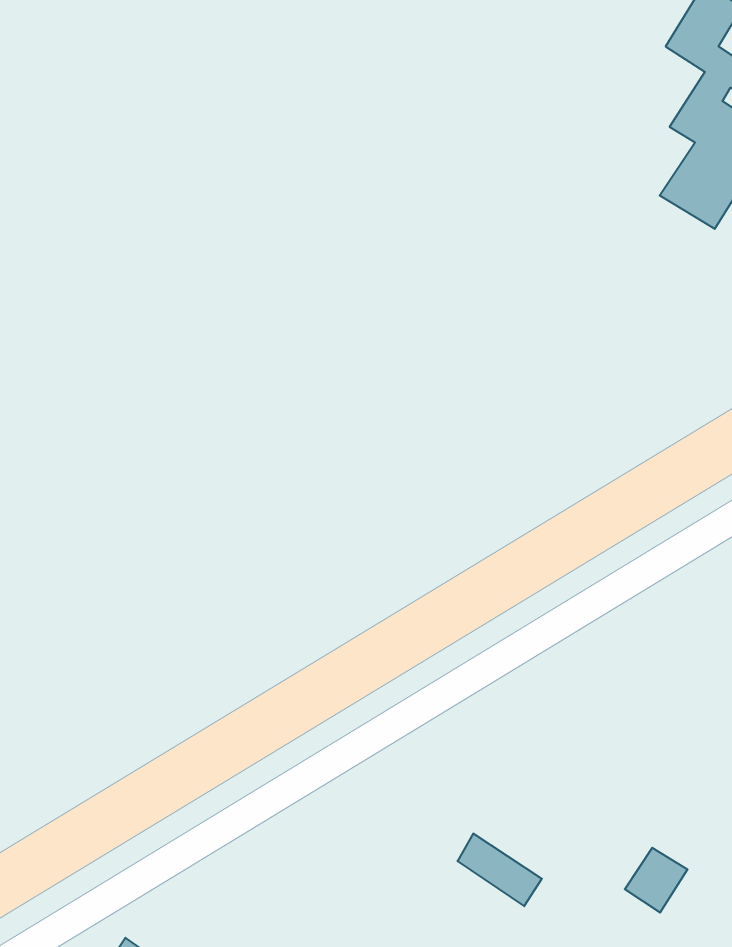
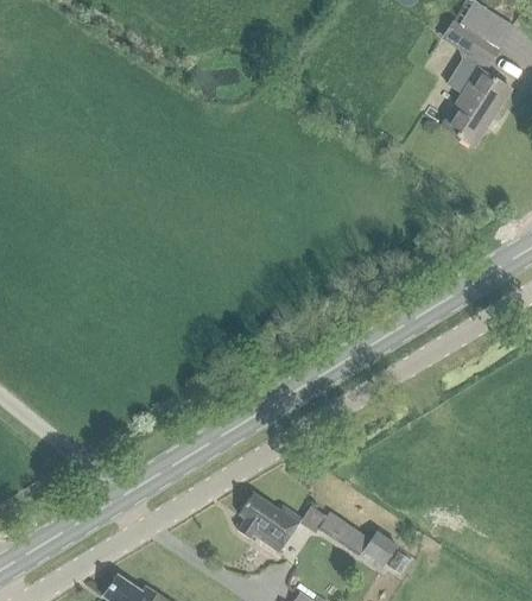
building: none -> [239,492,302,552]
building: [625,848,688,913] -> [360,531,398,570]

